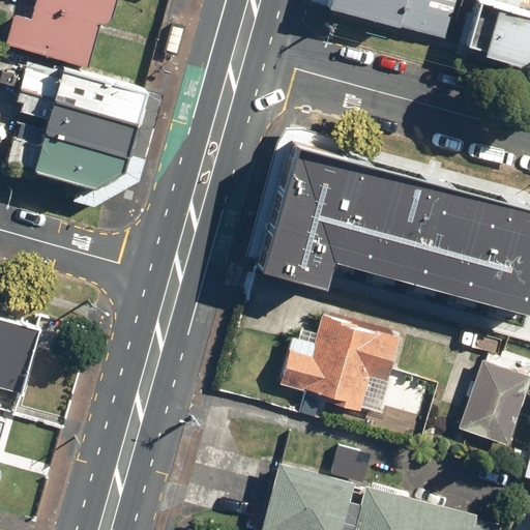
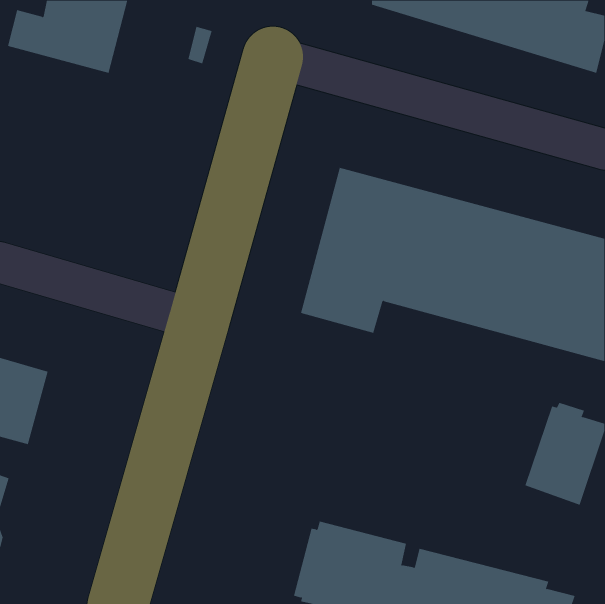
building: [10,63,150,190] -> none
building: [281,312,400,408] -> none

